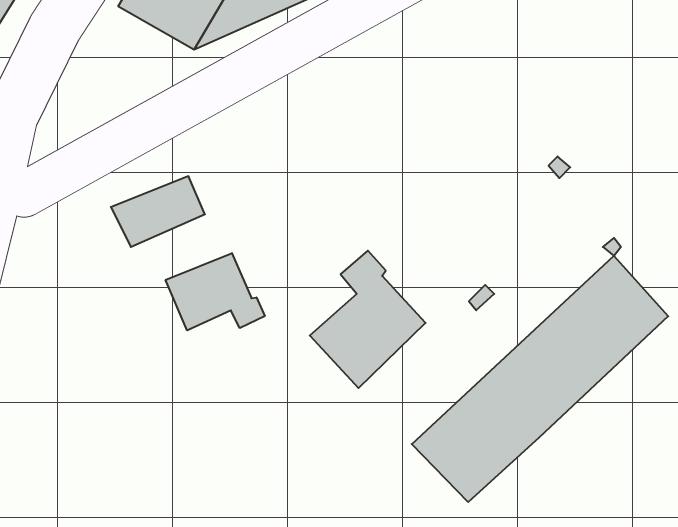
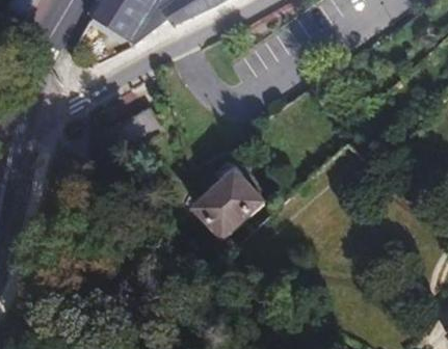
building: [166,253,265,330] -> none
building: [412,256,668,502] -> none

